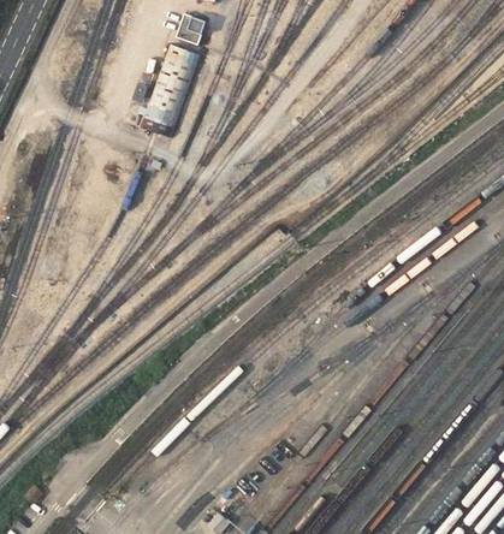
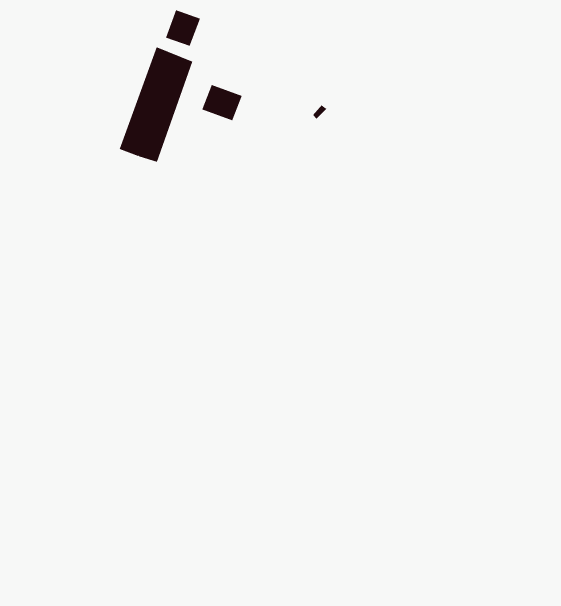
building: none -> [202,84,242,121]

